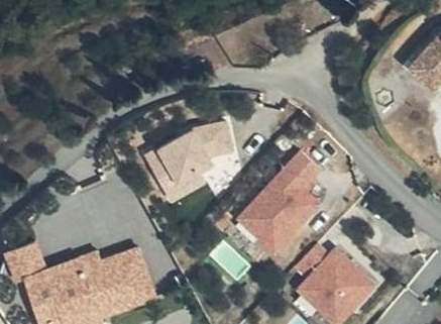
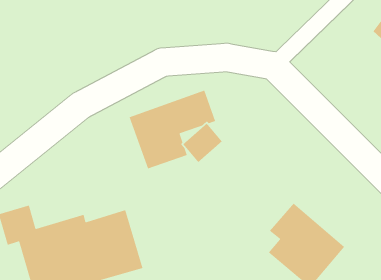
building: [235,148,325,255] -> none

